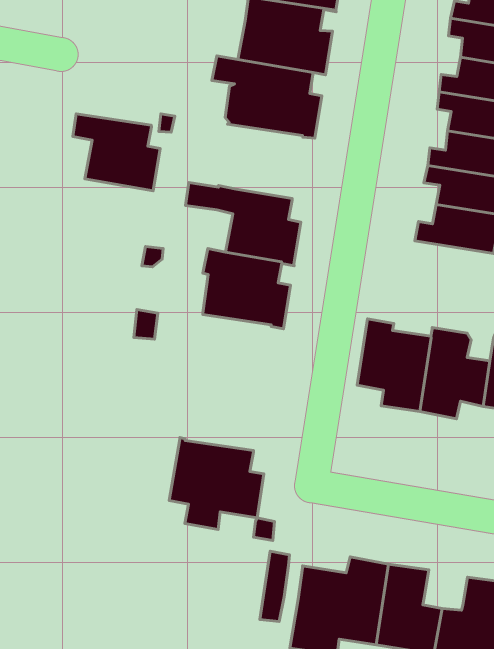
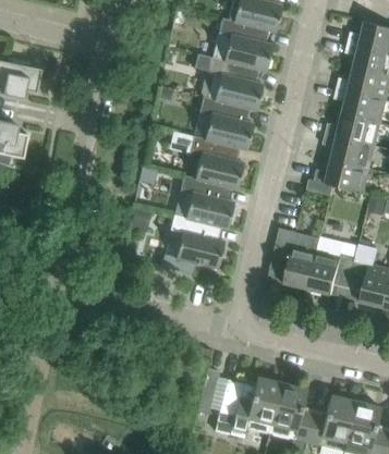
building: [73,114,160,191] -> [199,98,254,150]
building: [169,437,264,529] -> [165,214,226,274]

